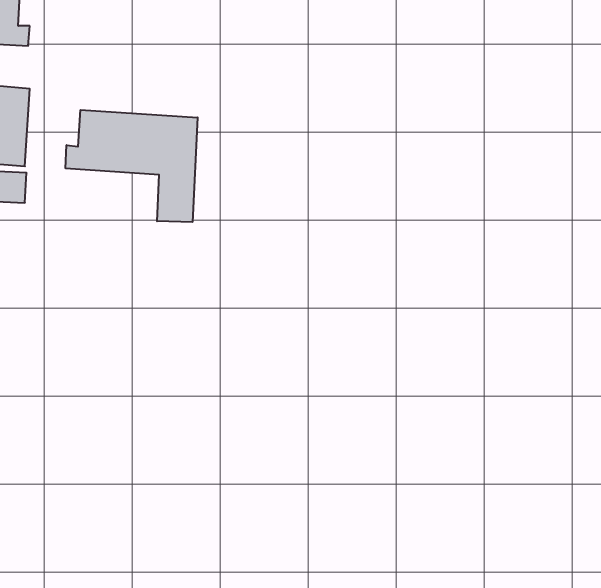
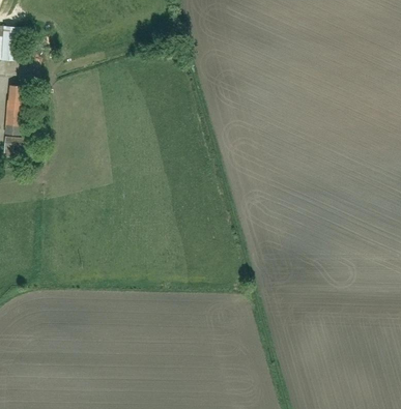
building: [66,110,198,222] -> none

